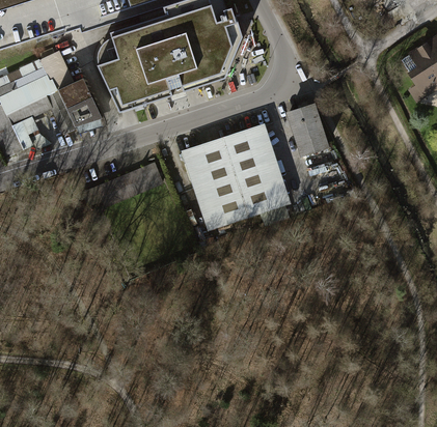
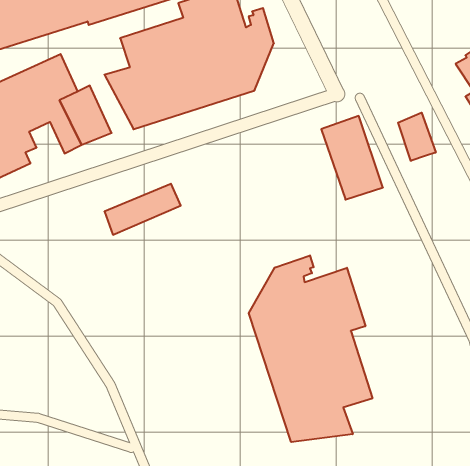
building: none -> [398,113,436,161]
building: [180,124,291,232] -> none
building: none -> [249,255,372,442]

